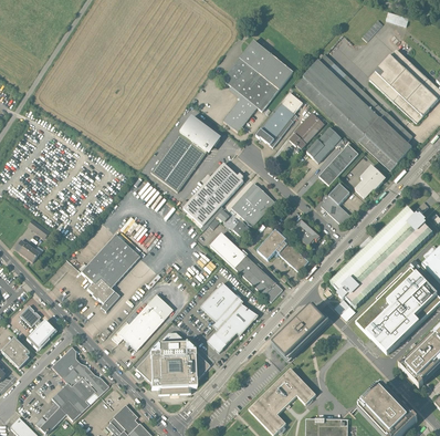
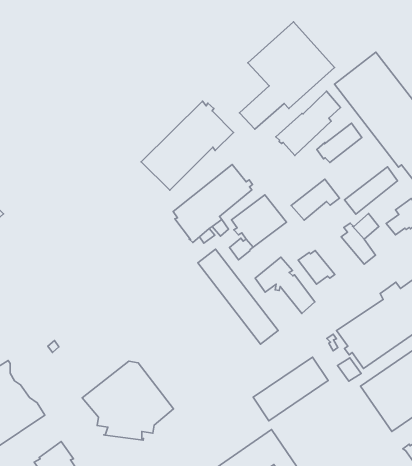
building: [306,126,344,162] -> [291,179,340,220]
building: [81,233,139,310] -> none
building: [201,282,254,352] -> none
building: [112,293,172,349] -> none

